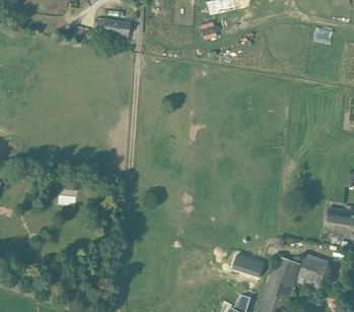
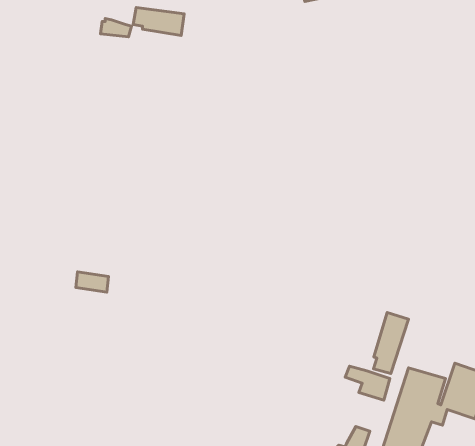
building: none -> [374,312,408,373]

